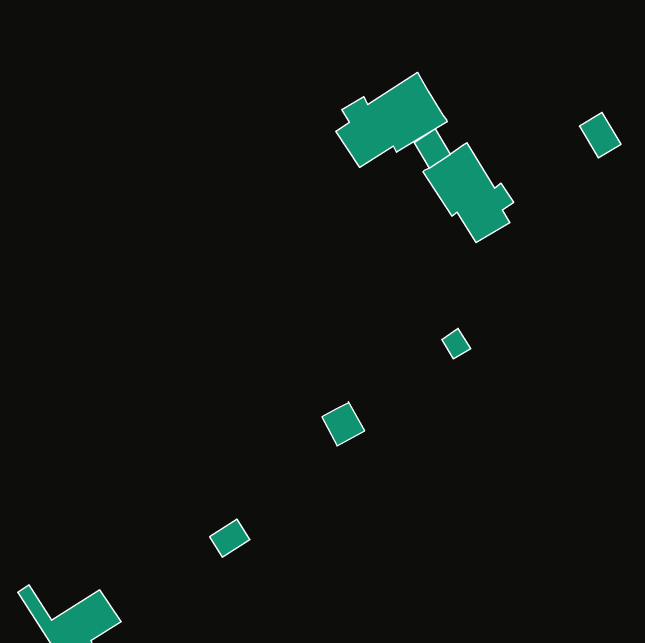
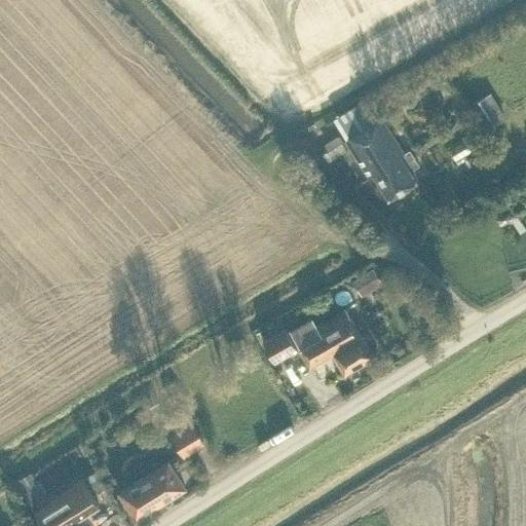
building: [336,72,447,167] -> none
building: none -> [290,309,373,376]
building: none -> [118,462,184,520]

